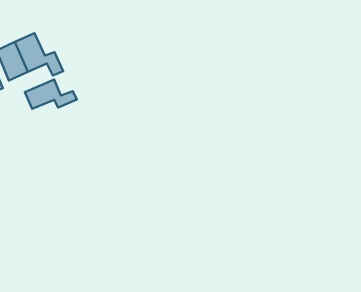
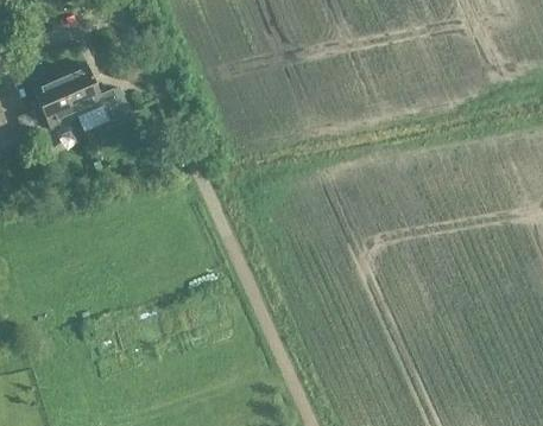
building: [25,79,77,109] -> none

